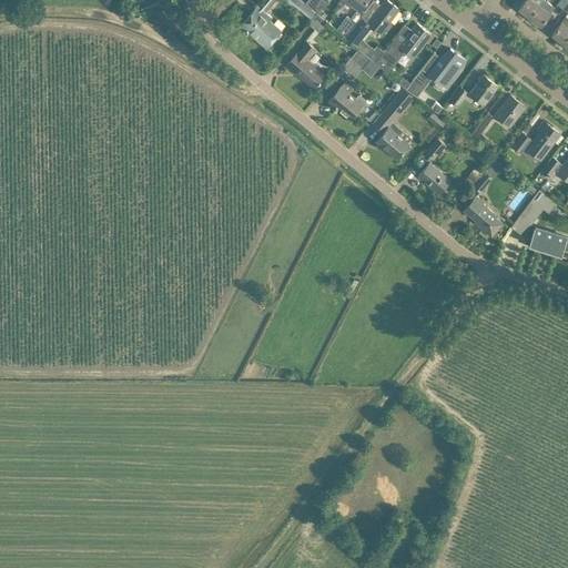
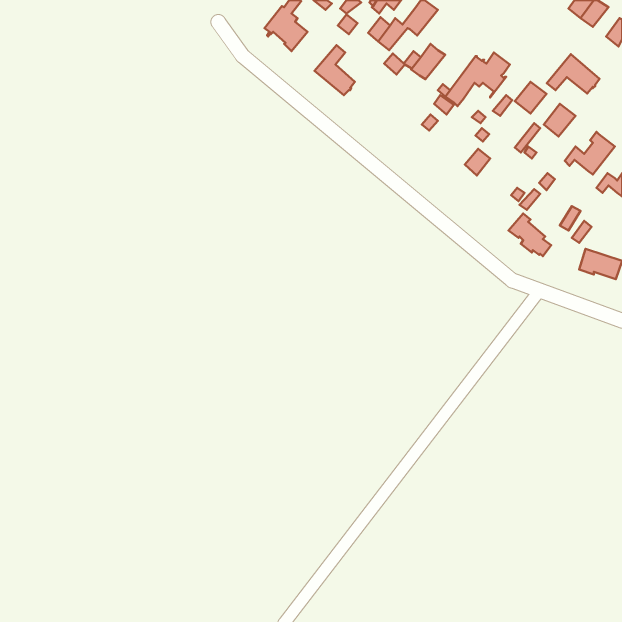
building: [392,23,429,57] -> none
building: none -> [547,54,600,93]
building: [328,83,365,118] -> none
building: [376,126,408,158] -> none
building: [417,163,449,193] -> none

